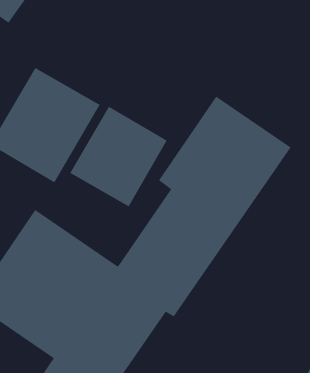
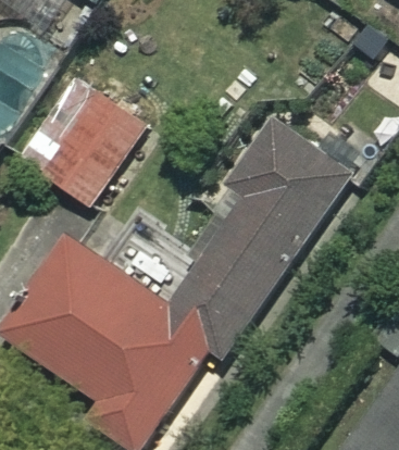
building: [70,106,167,207] -> none

